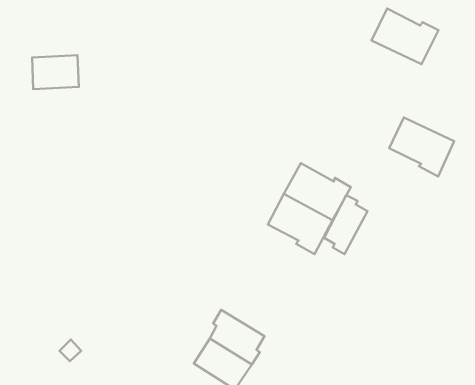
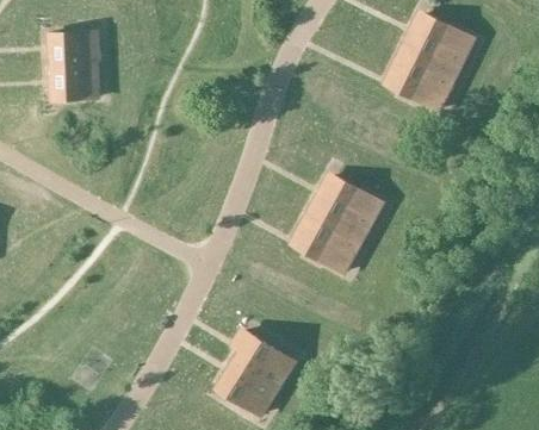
building: none -> [48,32,97,67]
building: [389,117,454,176] -> [389,49,457,111]
building: [324,195,368,254] -> none

